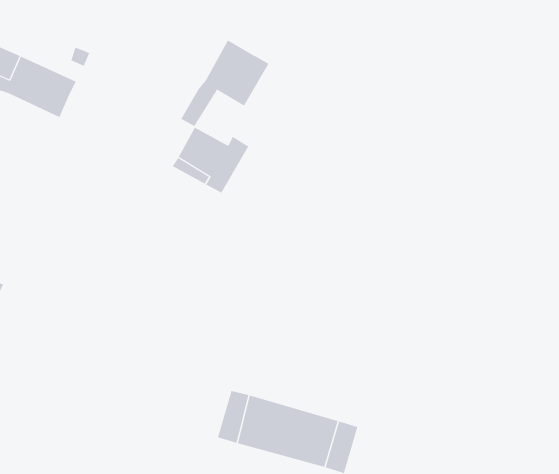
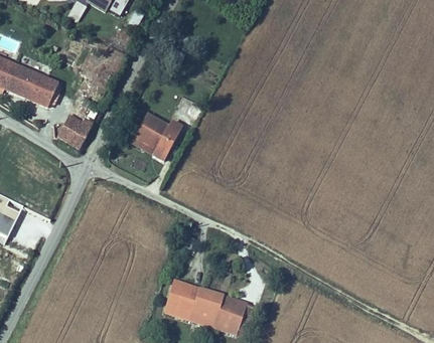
building: [180,39,269,127] -> none
building: none -> [63,108,94,143]

